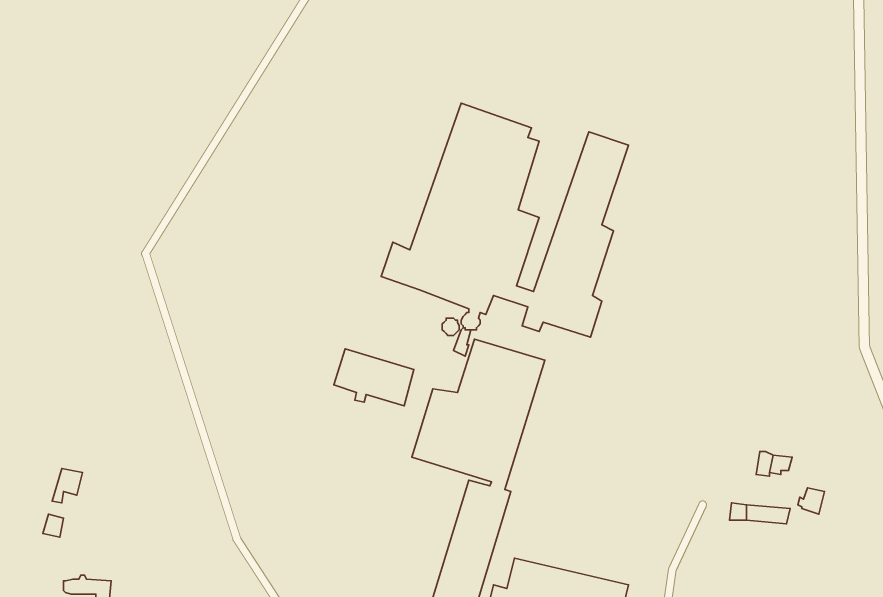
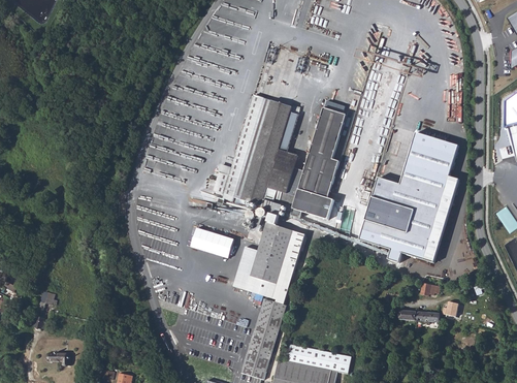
building: none -> [358,130,459,259]

